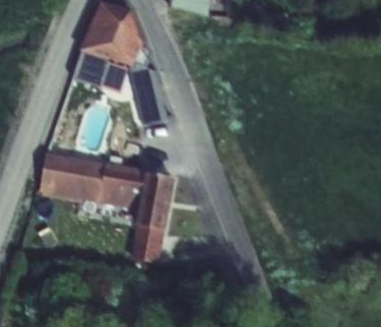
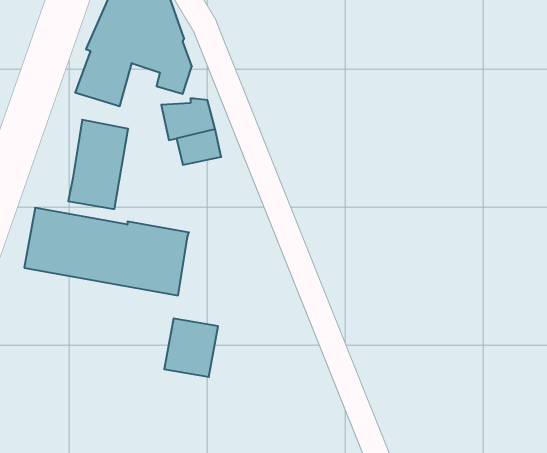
building: [136,173,175,231] -> [68,120,128,209]

